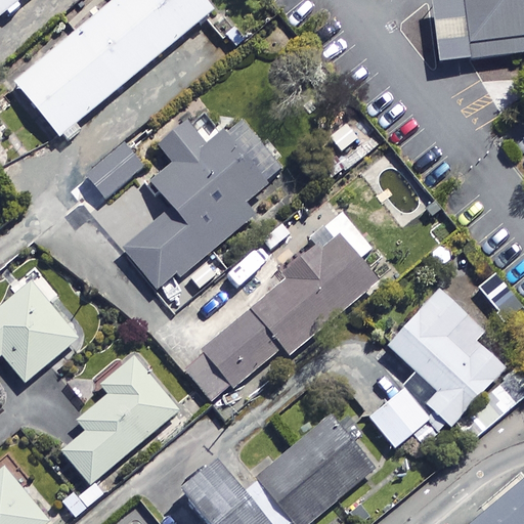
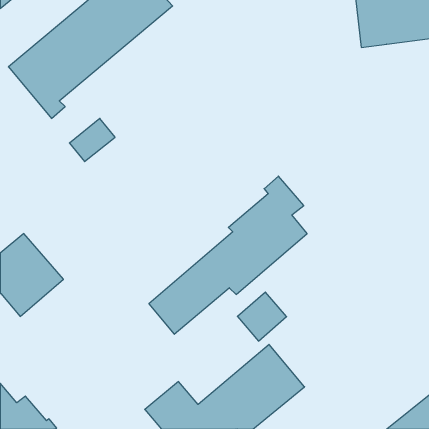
building: [122,110,278,291] -> none
building: [387,287,505,425] -> none
building: [60,355,177,482] -> none
building: [369,388,429,447] -> [237,292,287,341]

